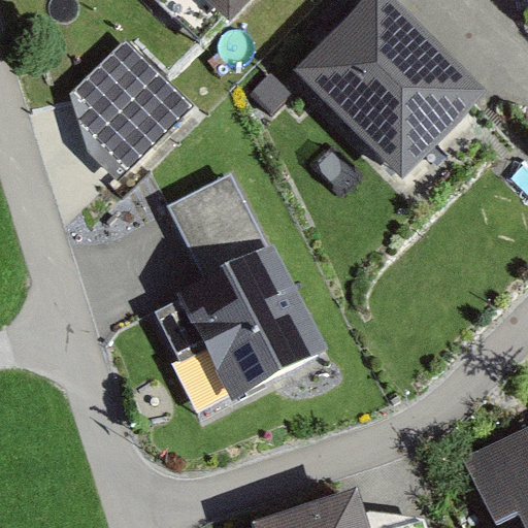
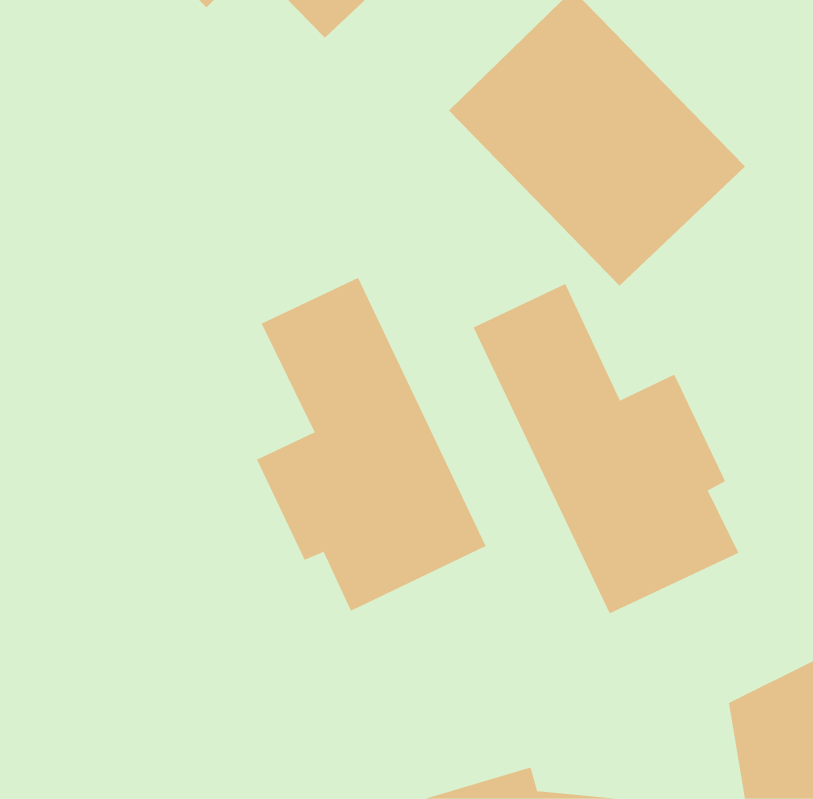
building: [68,25,205,162] -> none
building: none -> [473,283,739,614]

